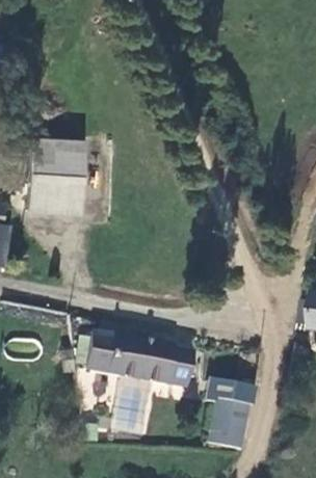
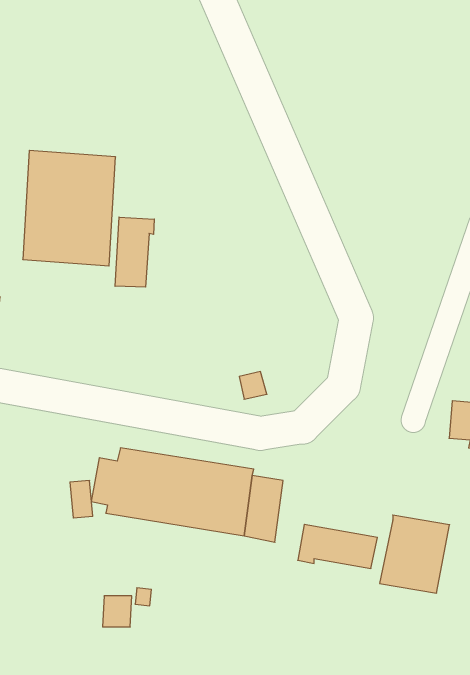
building: none -> [115,217,154,287]
building: [204,399,248,449] -> [380,515,450,593]

